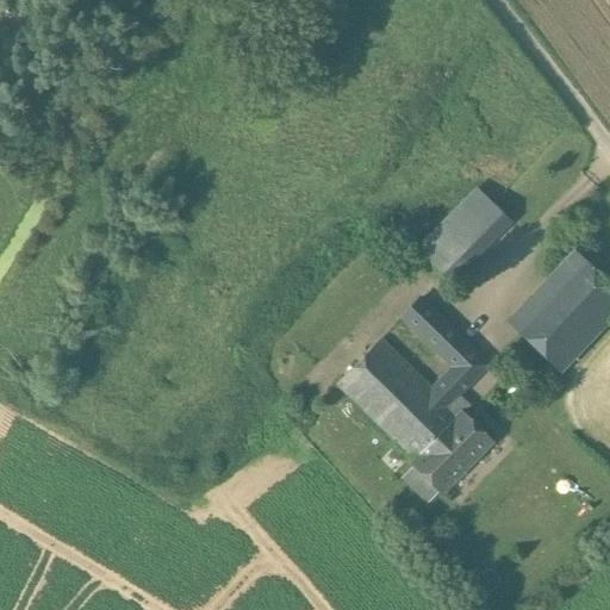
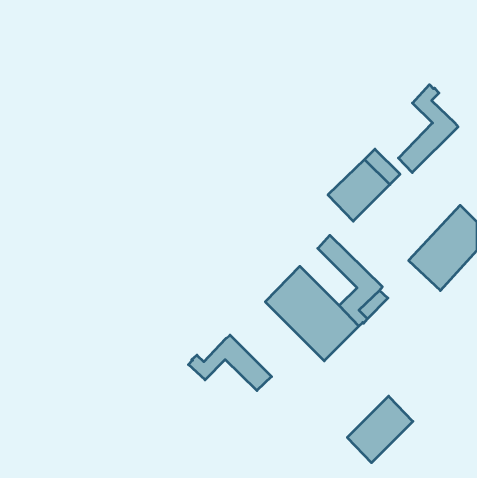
building: none -> [398,85,458,173]
building: [409,410,492,494] -> [347,396,413,463]
building: none -> [188,335,272,391]

